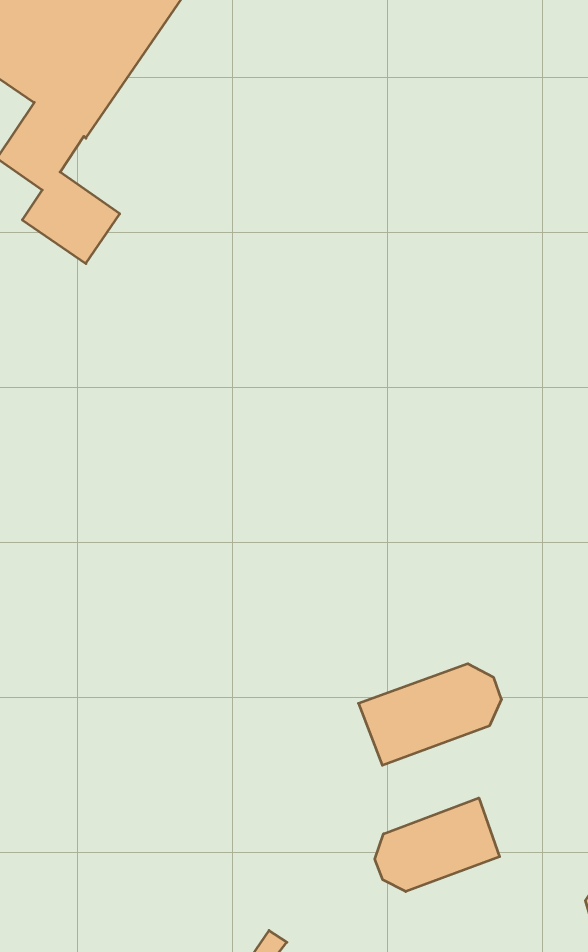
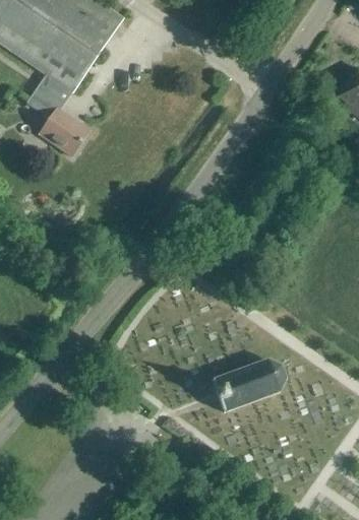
building: [375,798,500,892] -> none

